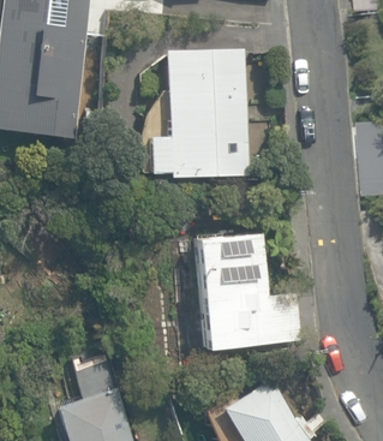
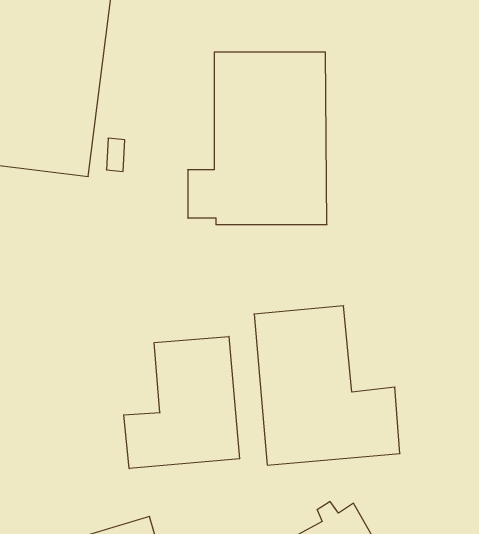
building: none -> [124,336,240,469]

